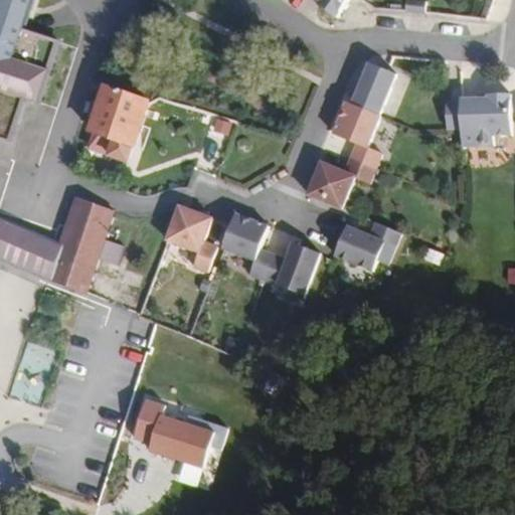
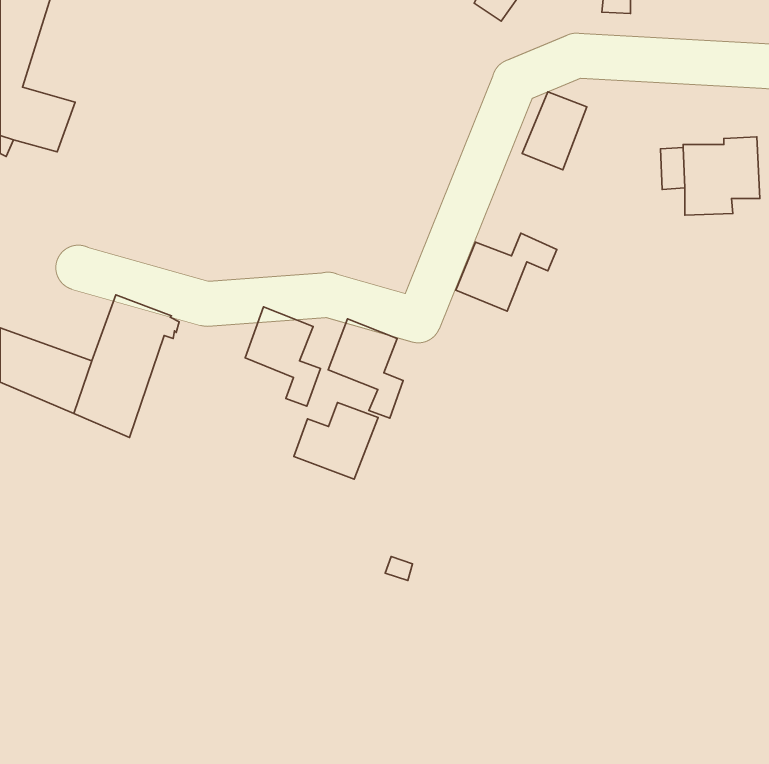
building: [93,85,150,159] -> none
building: [330,100,378,167] -> none
building: [329,221,394,274] -> none
building: [261,243,317,295] -> [294,402,378,479]
building: [136,397,218,467] -> none

